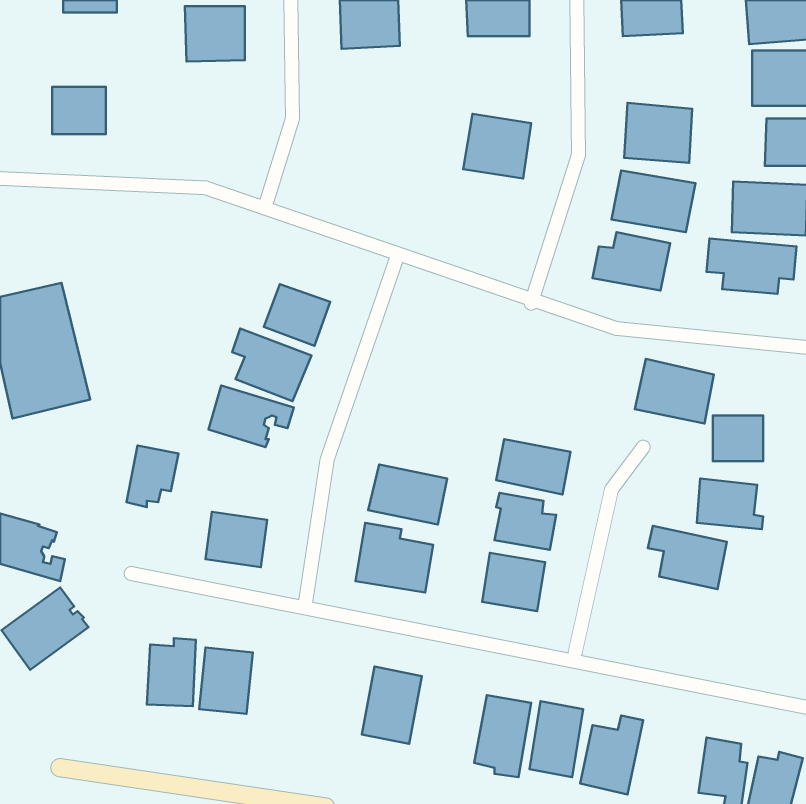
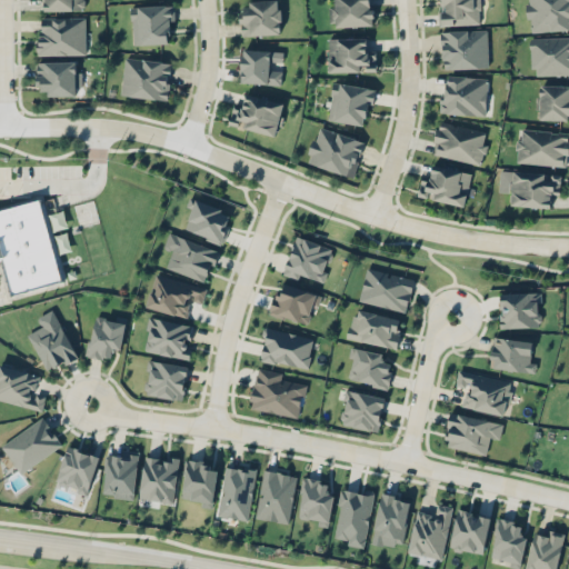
building: none -> [37,18,86,57]
building: none -> [441,30,490,71]
building: none -> [329,39,375,73]
building: none -> [240,50,283,86]
building: none -> [121,59,172,101]
building: none -> [228,94,284,137]
building: none -> [305,127,366,179]
building: none -> [282,237,333,287]
building: [635,359,714,423] -> [359,268,415,313]
building: none -> [273,286,317,326]
building: none -> [29,311,80,371]
building: none -> [147,317,196,359]
building: none -> [445,413,505,457]
building: none -> [56,447,99,493]
building: none -> [183,463,218,510]
building: none -> [220,468,257,522]
building: none -> [300,479,333,522]
building: none -> [450,511,492,557]

